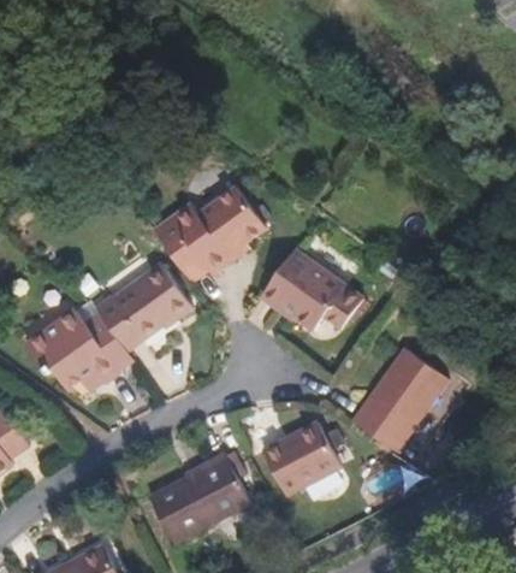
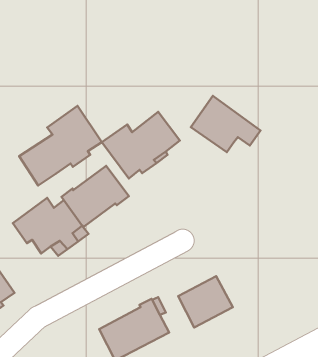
building: none -> [19,106,102,186]
building: [262,249,362,330] -> [191,96,261,152]
building: [352,348,447,451] -> none

